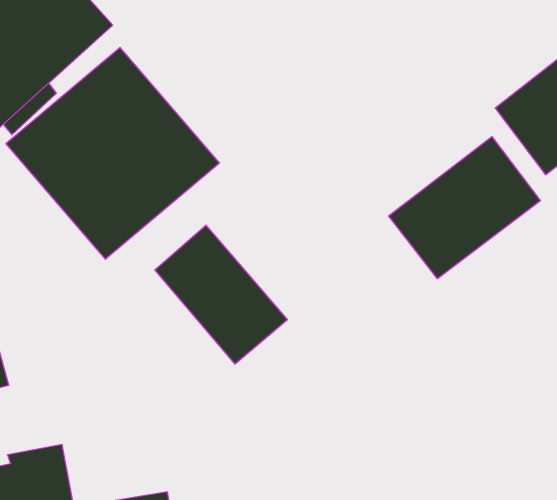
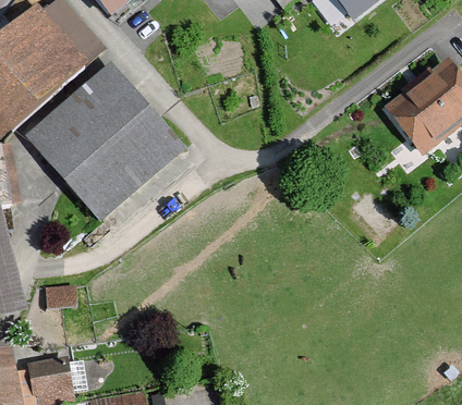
building: [389,137,540,279] -> none
building: [155,225,287,364] -> none

